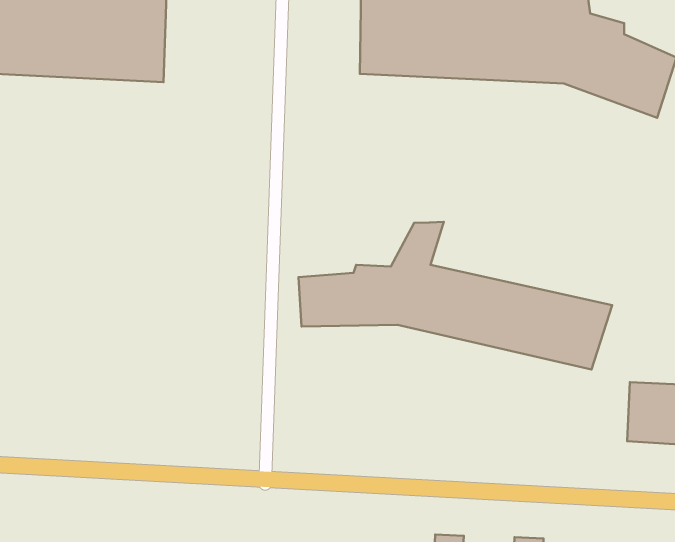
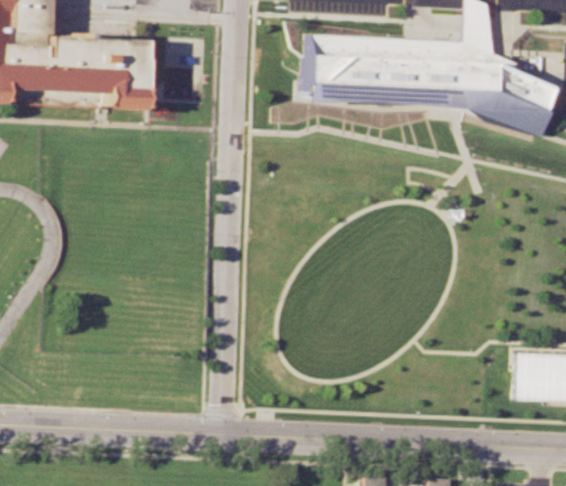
building: [299,222,612,369] -> none

